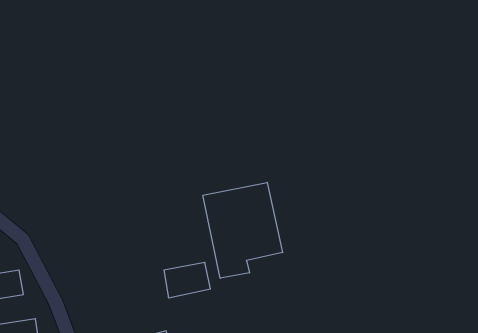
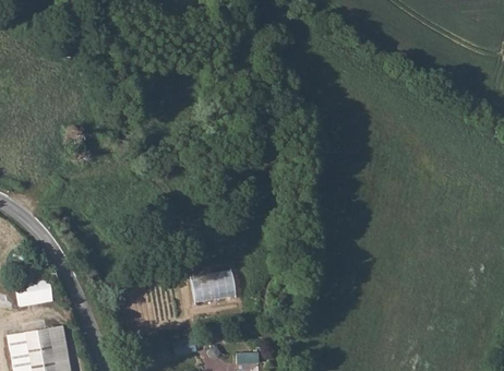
building: [203,182,283,278] -> none

